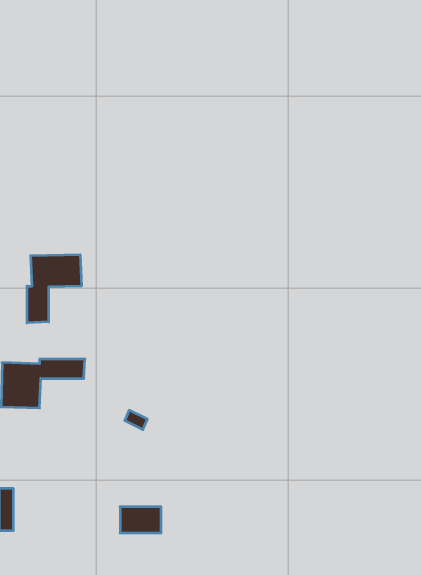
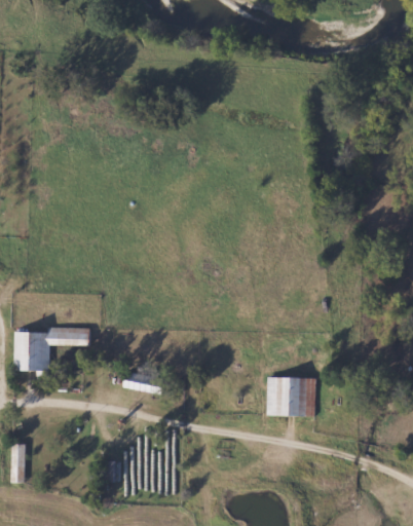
building: [27,255,81,323] -> none
building: none -> [267,377,315,416]

